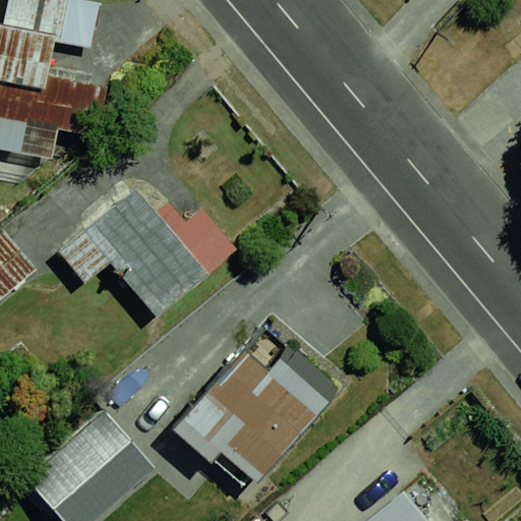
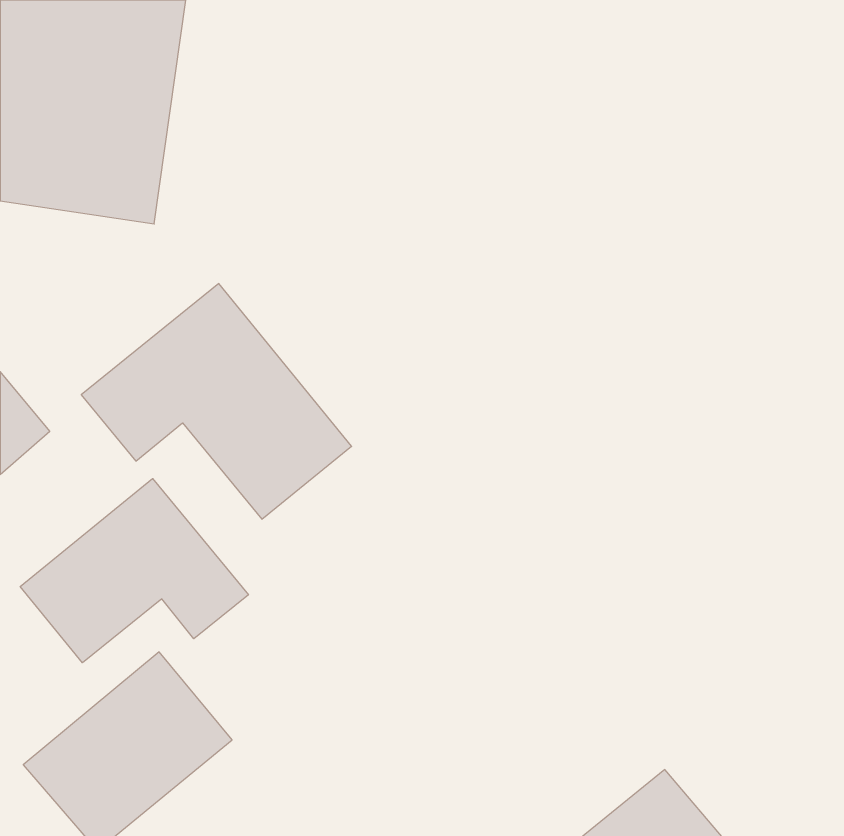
building: none -> [20,479,248,663]
building: [170,330,341,504] -> none

